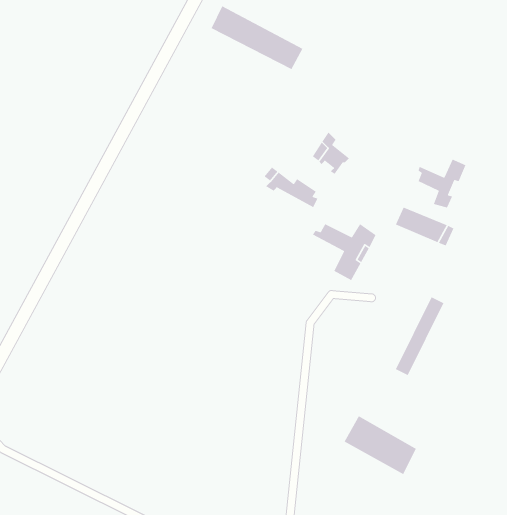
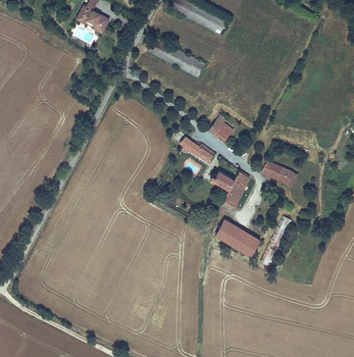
building: [418,159,467,208] -> none
building: [344,415,417,475] -> [215,219,260,256]

